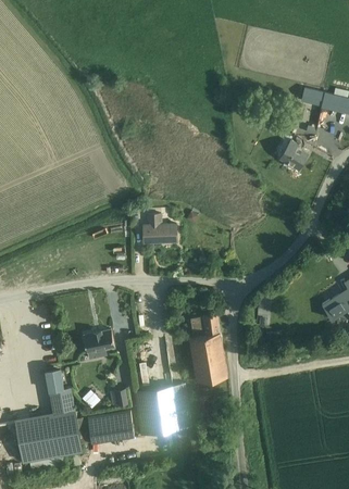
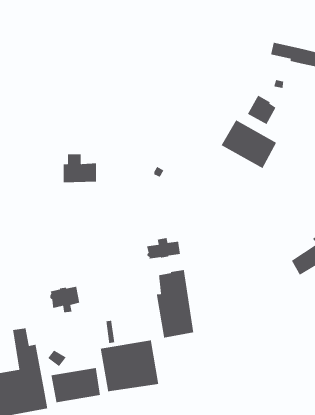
building: none -> [220,119,277,169]
building: [144,215,177,244] -> [63,154,97,183]
building: none -> [146,237,181,259]

